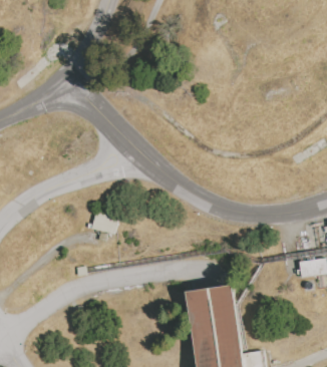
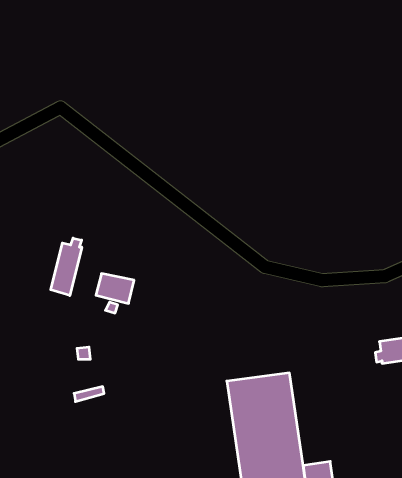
building: none -> [51,238,82,296]

